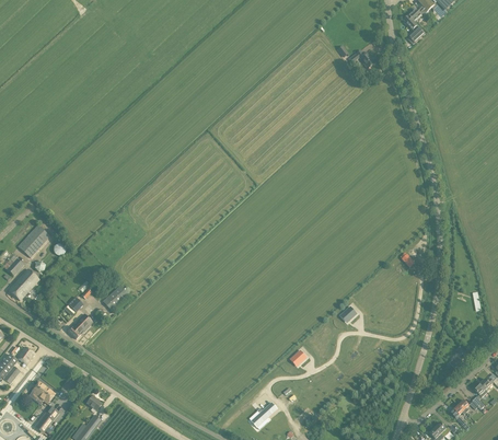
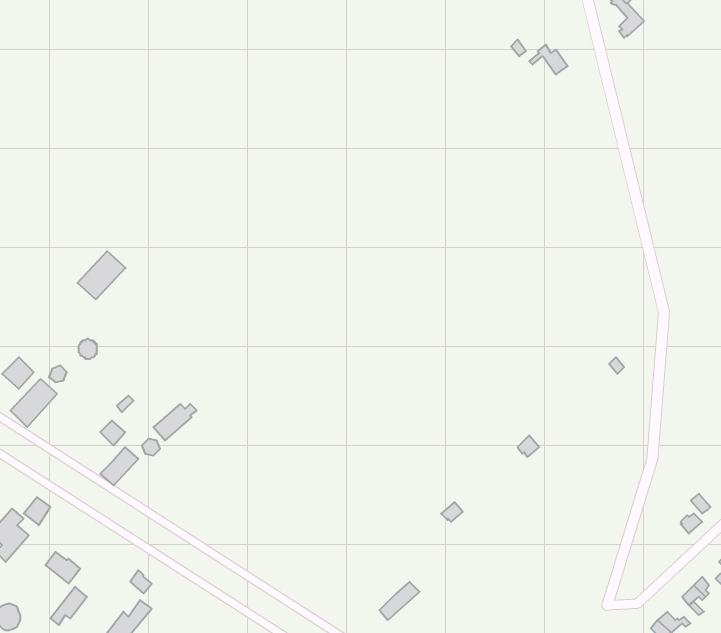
building: [18,224,49,256] -> [77,251,126,299]

